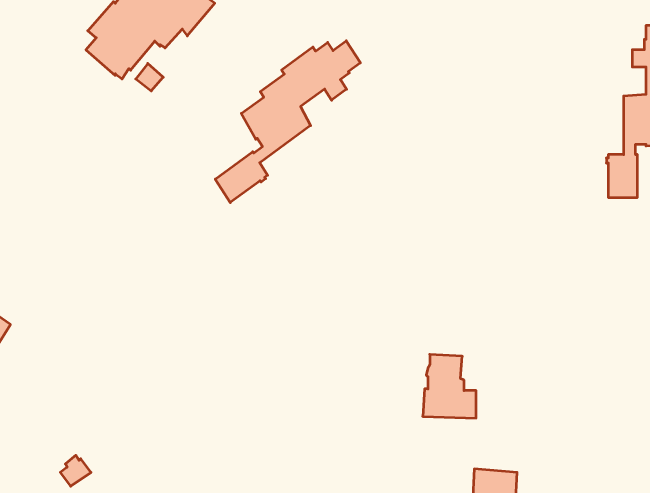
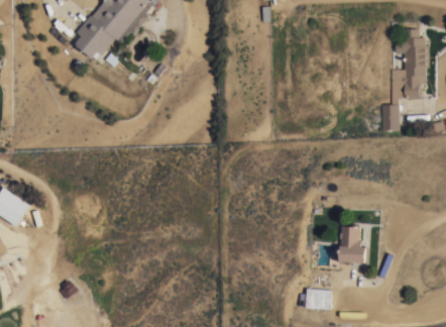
building: [215,41,360,203] -> none
building: [423,354,476,418] -> [337,225,368,262]

